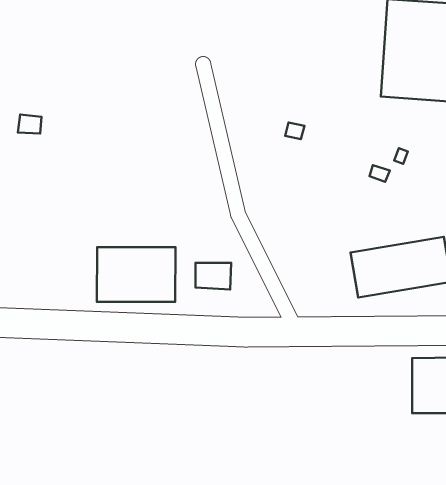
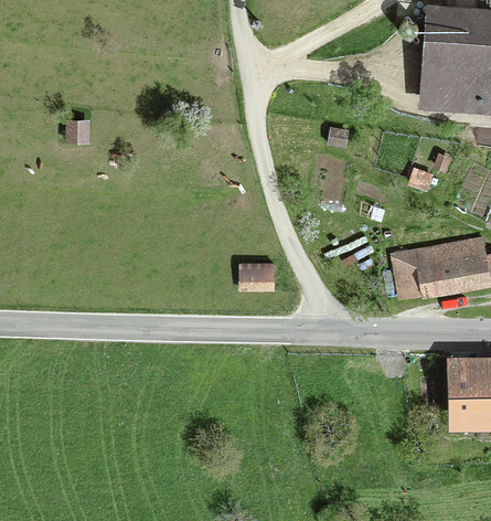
building: [97,247,176,302] -> none

